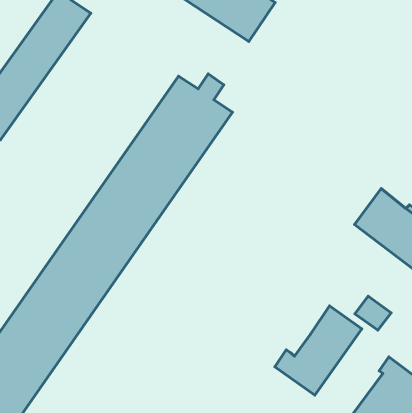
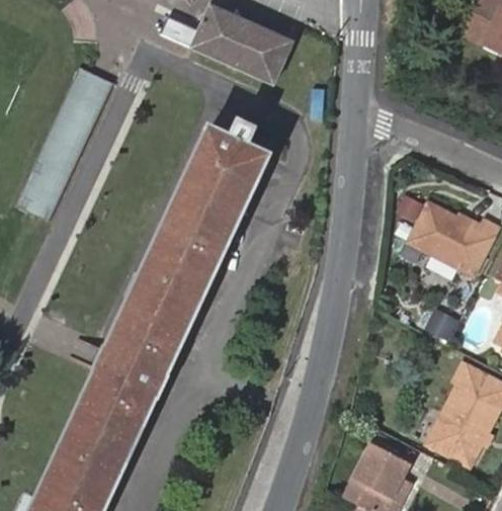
building: [275,306,362,395] -> none

